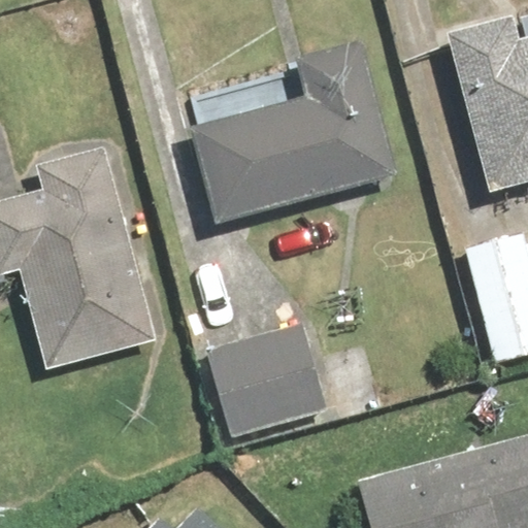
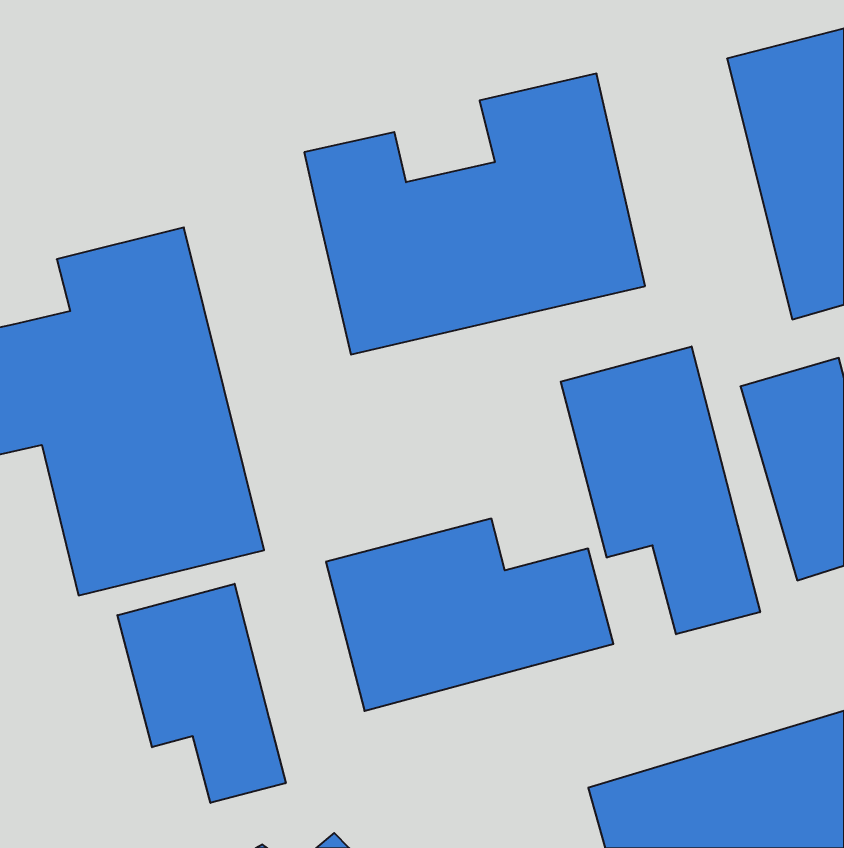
building: none -> [561,346,760,634]
building: none -> [117,584,286,803]

